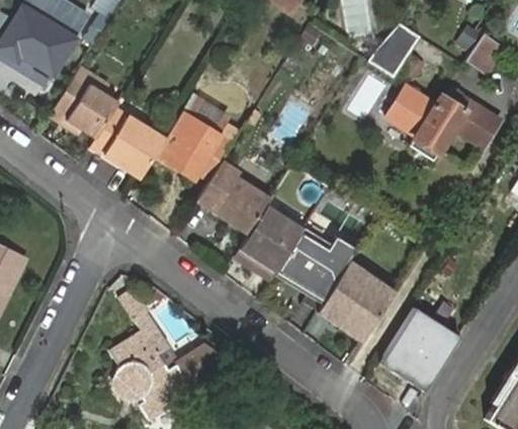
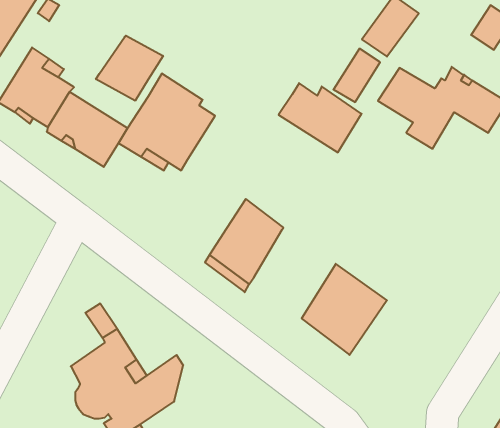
building: none -> [96,36,163,101]
building: [199,168,273,230] -> [279,83,362,152]
building: [276,231,357,310] -> none
building: [377,310,455,391] -> none

